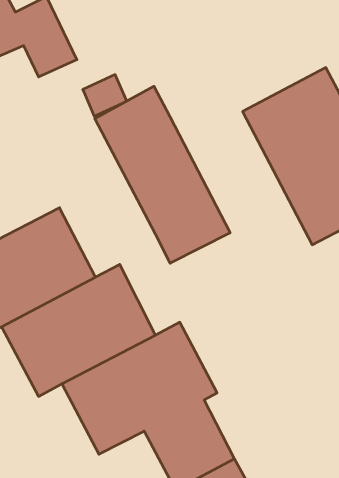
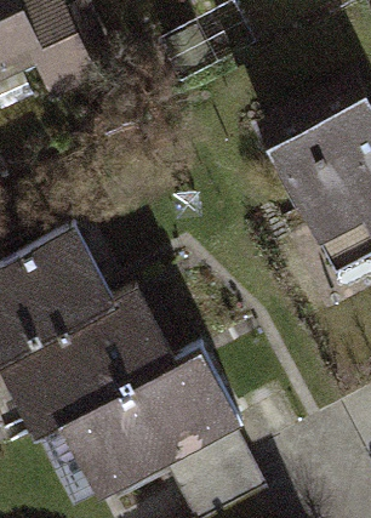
building: [95,86,230,263] -> none

